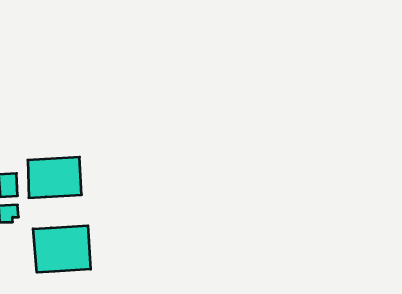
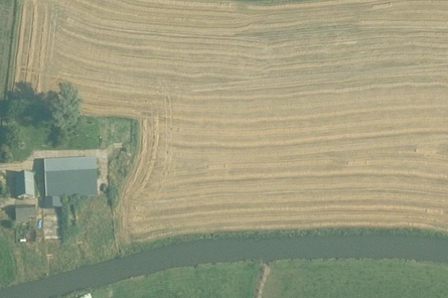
building: [33,226,91,272] -> none

